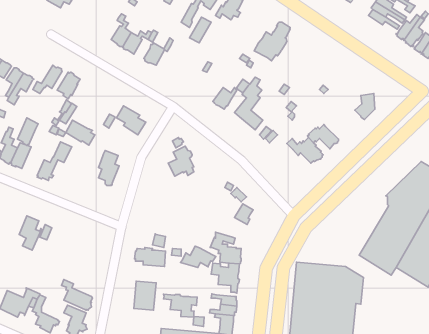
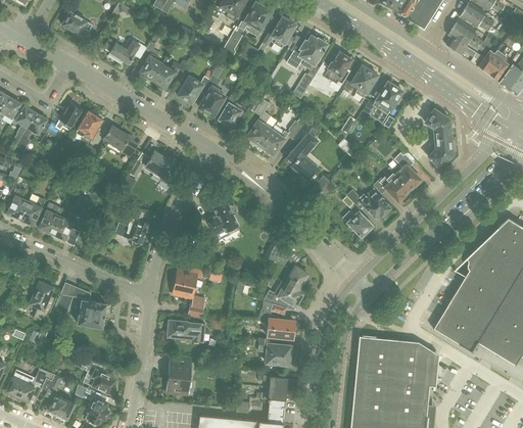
building: none -> [287,35,327,76]
building: none -> [104,38,147,63]
building: none -> [343,66,377,97]
building: none -> [199,77,225,116]
building: none -> [363,82,402,114]
building: none -> [246,92,272,145]
building: none -> [218,93,243,127]
building: none -> [425,108,450,138]
building: none -> [393,151,420,190]
building: [18,118,38,145] -> [38,201,62,234]
building: [66,120,95,145] -> [102,125,137,154]
building: none -> [343,202,373,237]
building: none -> [172,268,202,298]
building: none -> [73,287,106,328]
building: [181,246,216,268] -> [263,281,304,306]
building: [164,294,197,317] -> none

